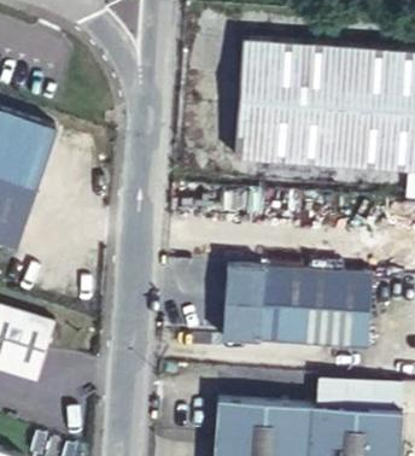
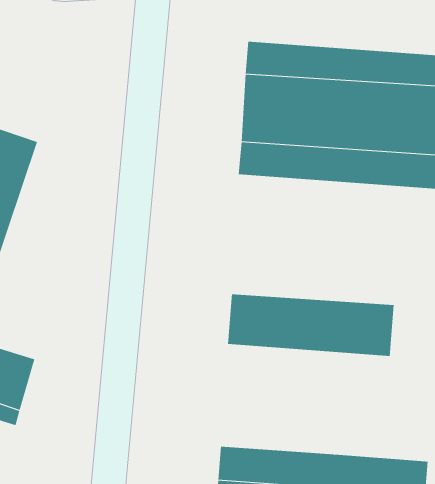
building: [222,309,369,350] -> none
building: [320,378,402,413] -> none

